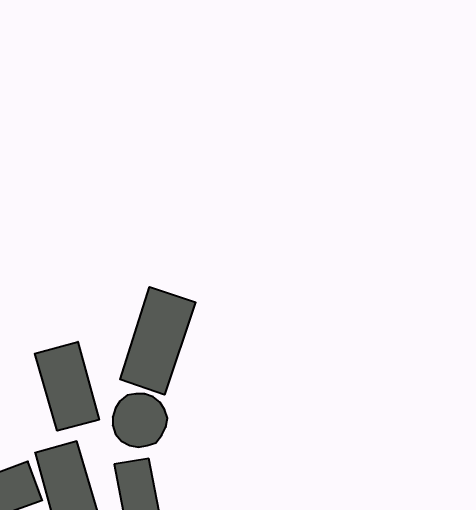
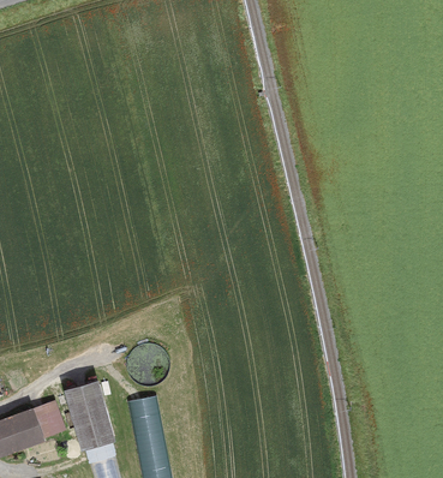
building: [120,287,196,395] -> none
building: [35,342,99,431] -> none

